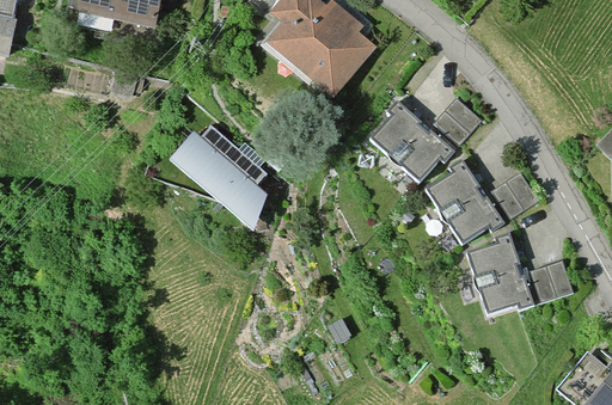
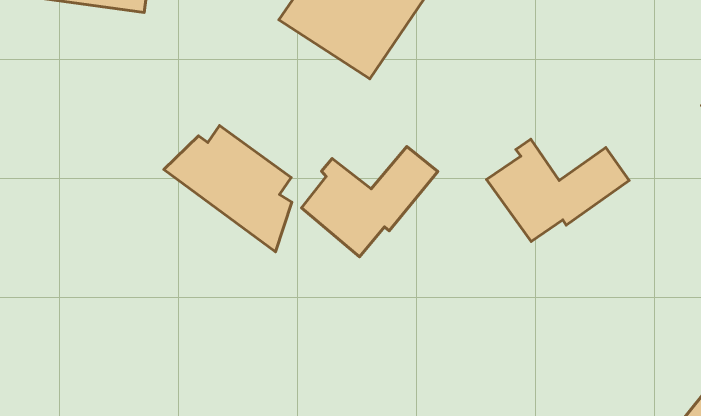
building: [369,96,484,183] -> [301,146,438,257]
building: [459,233,569,312] -> none

